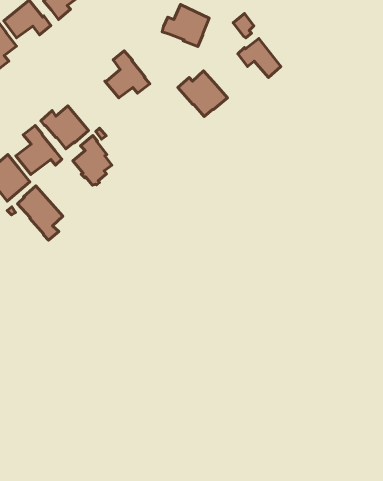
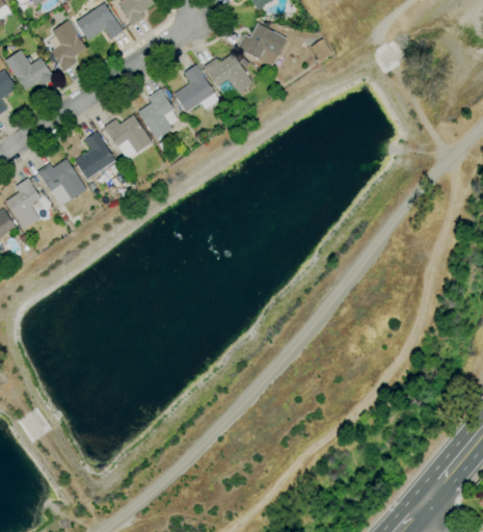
building: [238,38,281,78] -> none
building: [178,71,228,117] -> [204,53,253,100]
building: [73,136,112,185] -> [138,88,178,139]
building: [18,186,63,240] -> none

